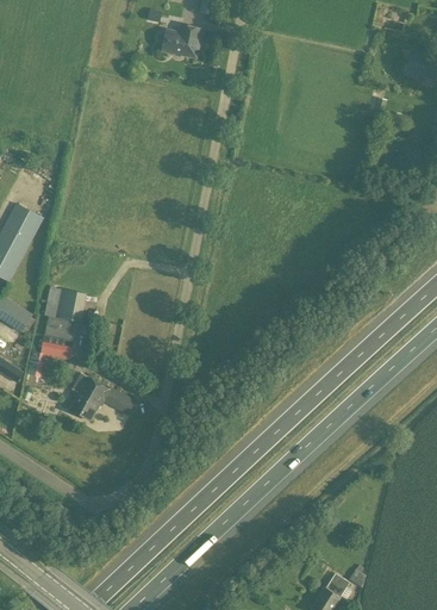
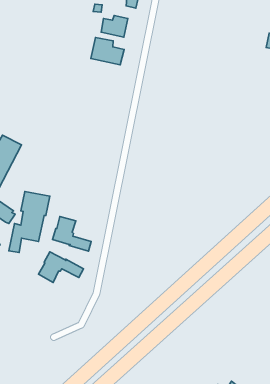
building: none -> [91,37,124,65]
building: none -> [53,216,91,251]

